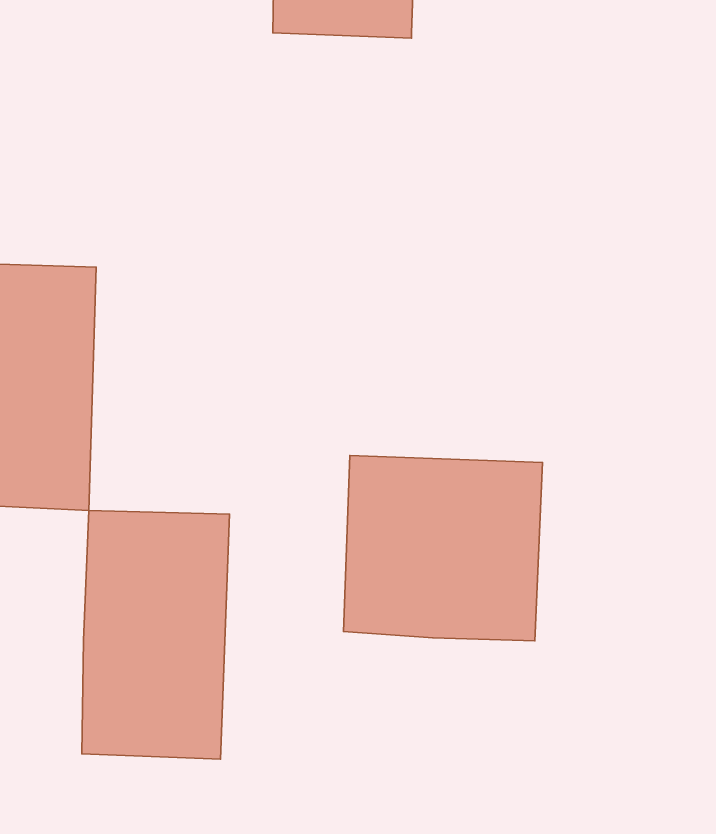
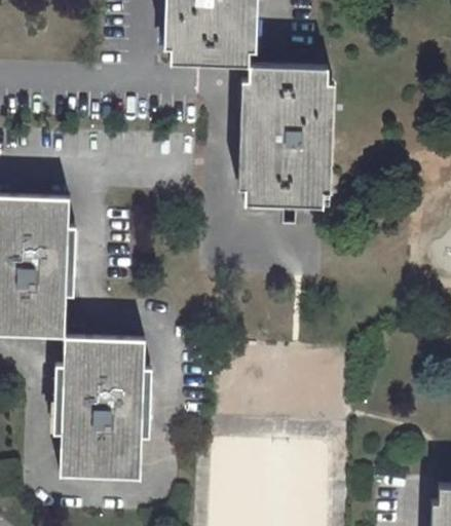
building: none -> [242,65,327,208]
building: [344,456,543,641] -> none

